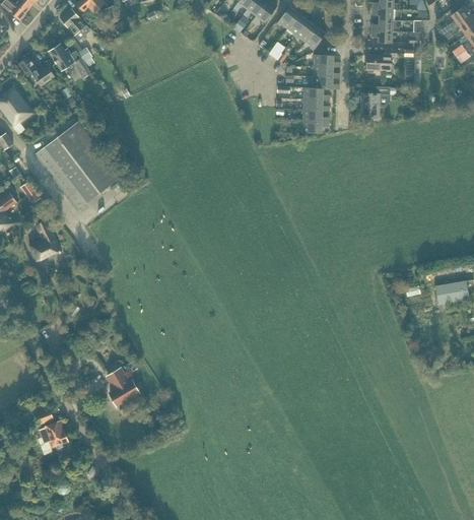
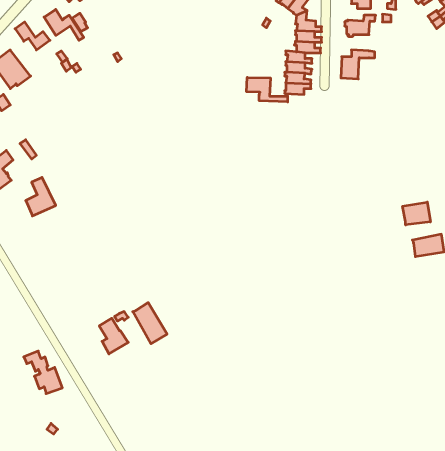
building: none -> [247,77,288,102]
building: [35,121,121,209] -> none
building: none -> [403,202,430,225]
building: none -> [133,303,167,344]

